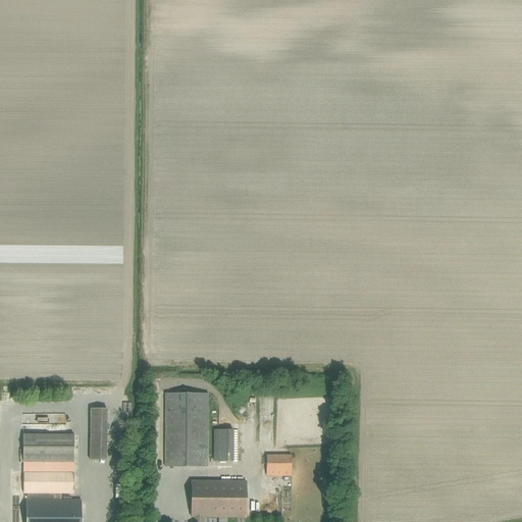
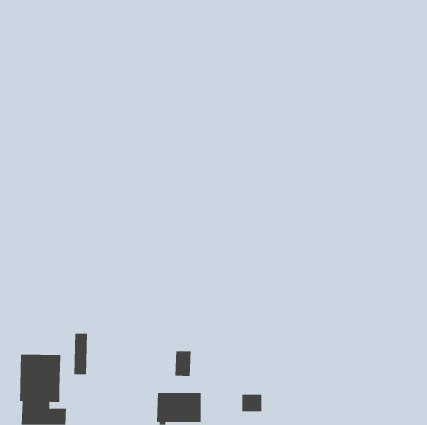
building: [164,392,208,465] -> none
building: [265,454,291,475] -> [241,394,262,412]

